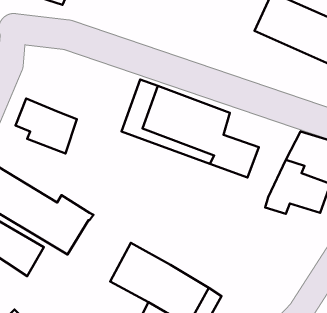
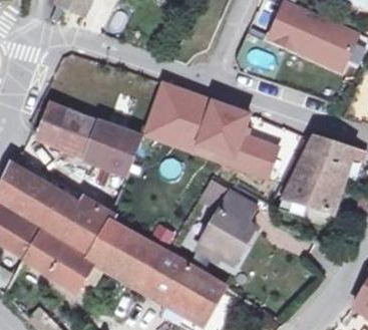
building: none -> [87,122,140,173]
building: none -> [199,180,257,264]
building: none -> [50,220,150,290]

